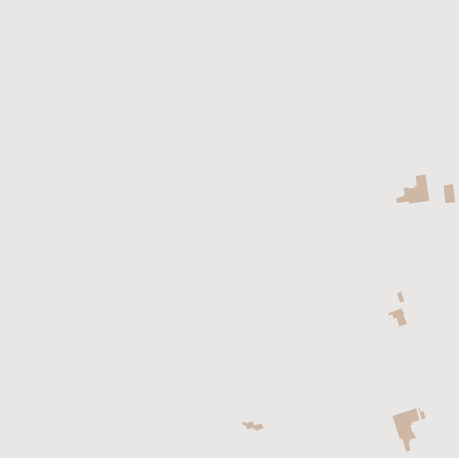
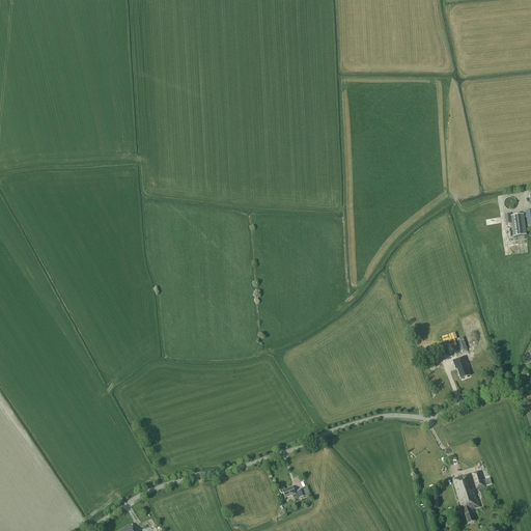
building: [396,174,430,204] -> none

